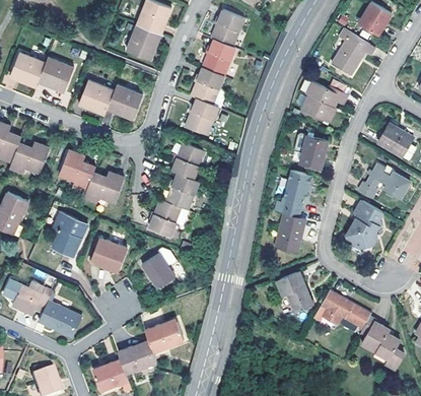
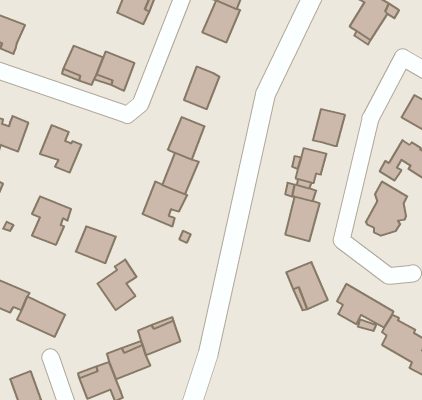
building: [38,56,74,91] -> none
building: [191,67,223,104] -> none
building: [301,80,348,122] -> none
building: [83,172,124,202] -> none
building: [141,244,176,288] -> [97,259,137,310]

